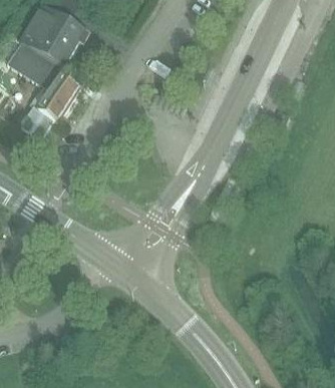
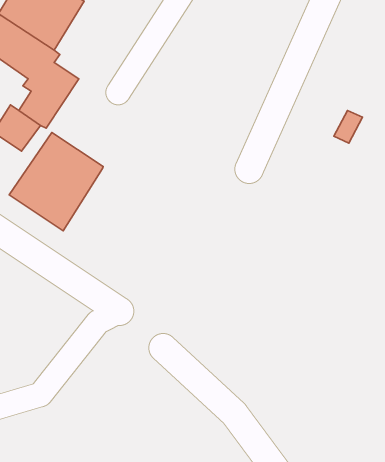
building: none -> [9,132,103,231]

